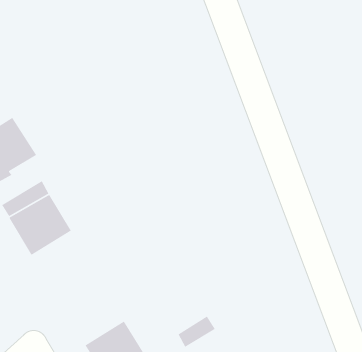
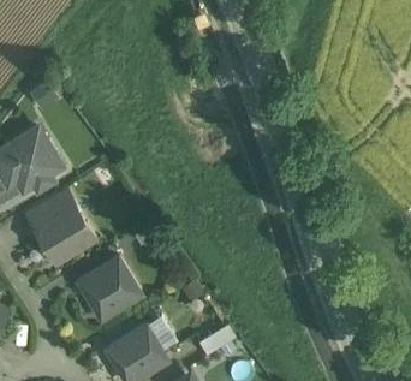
building: none -> [79,258,142,321]

